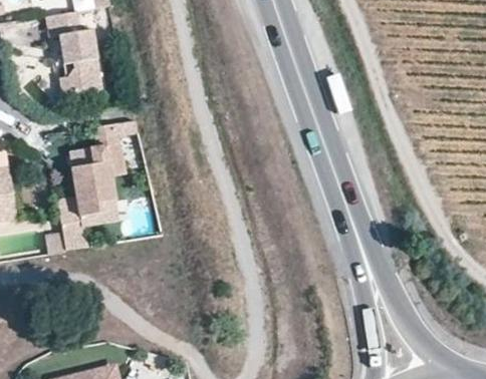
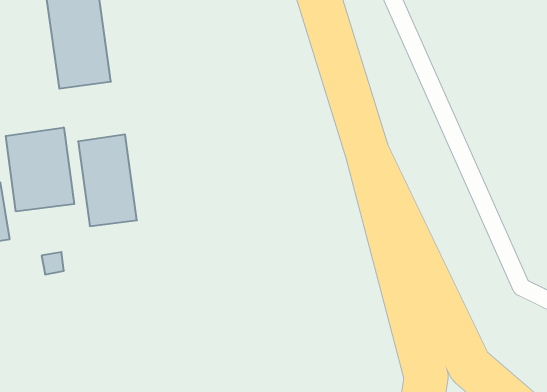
building: none -> [6,127,74,211]

